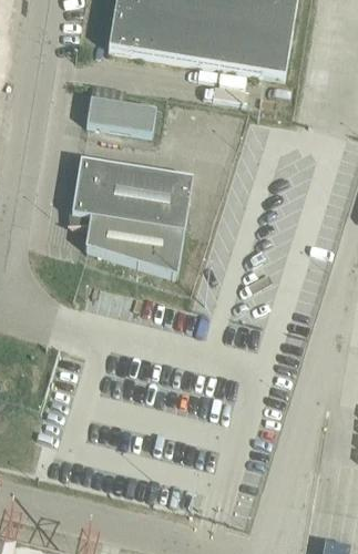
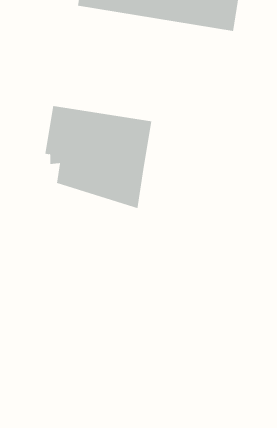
building: [86,93,156,130] -> none

